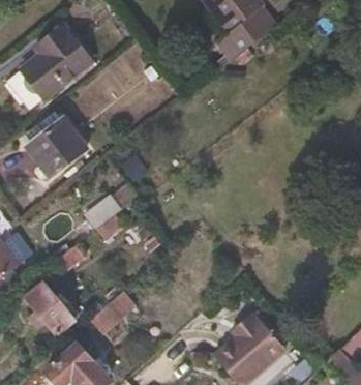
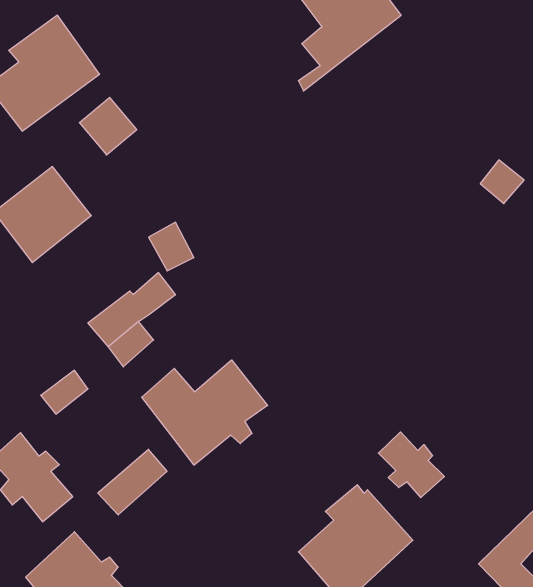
building: none -> [142,360,268,465]
building: none -> [378,432,444,498]

